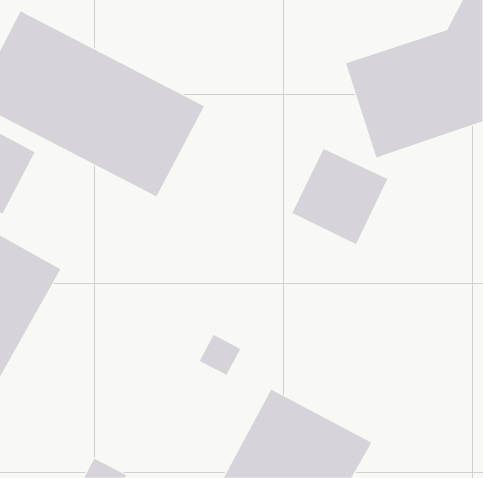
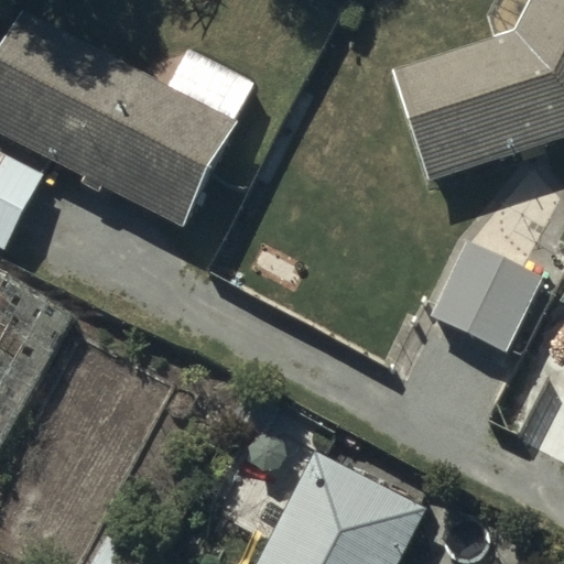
building: [292,148,388,245] -> [429,239,540,350]

